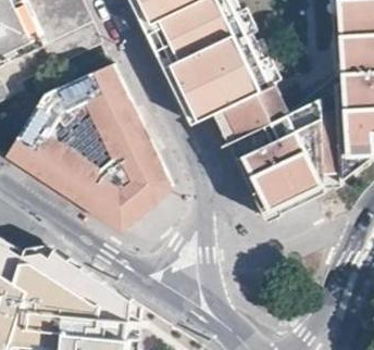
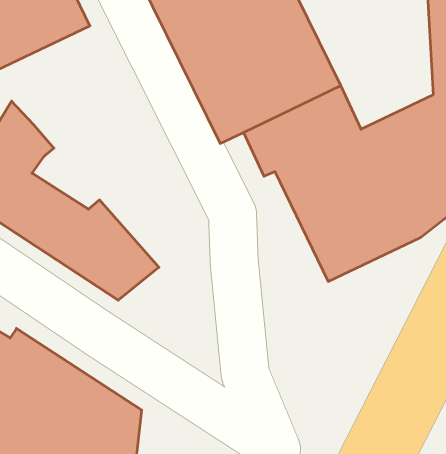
building: [45,64,172,209] -> none

